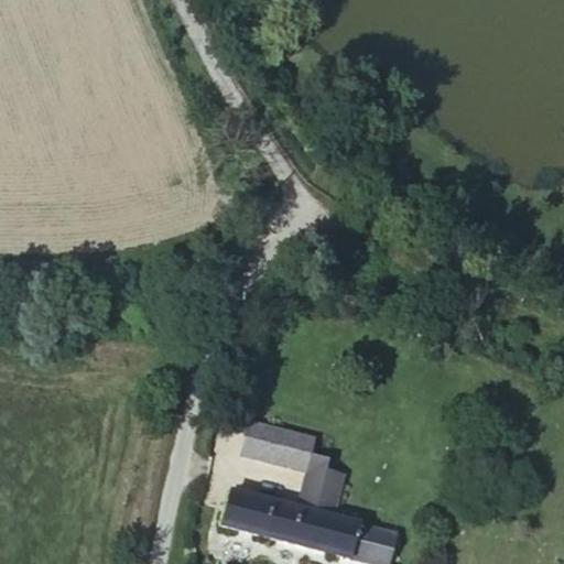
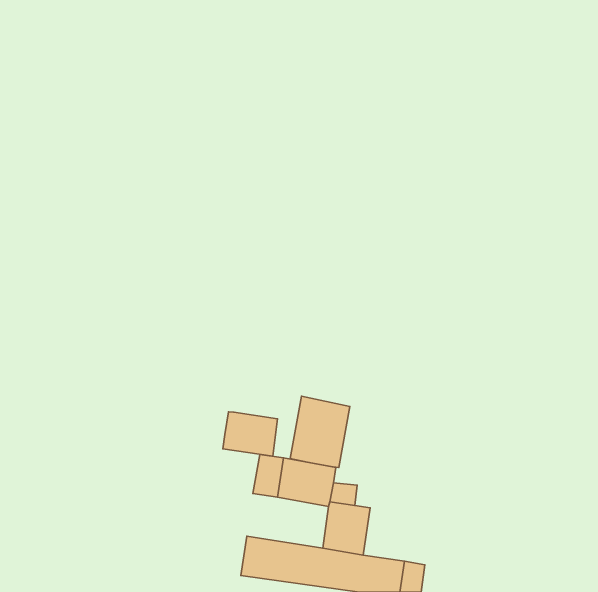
building: none -> [290,396,350,467]
building: none -> [223,412,277,456]

